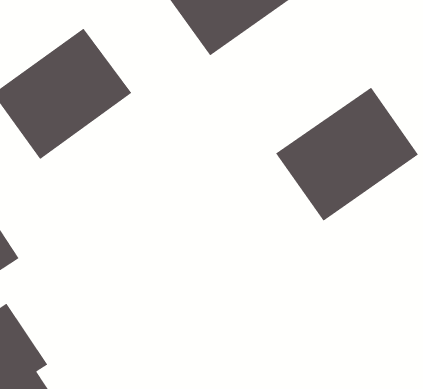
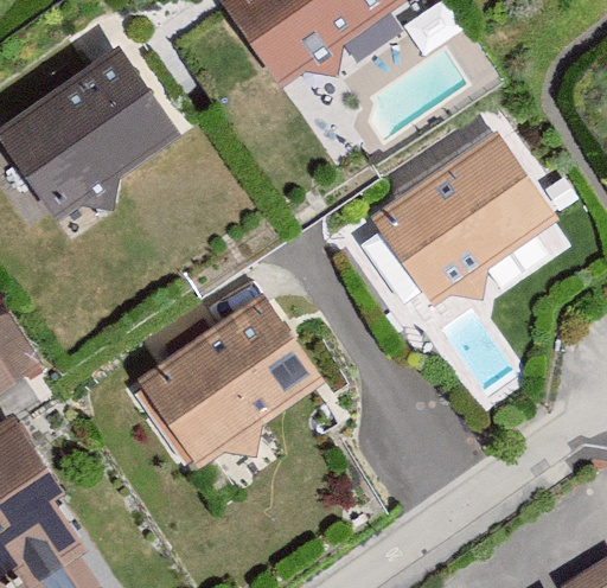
building: none -> [132,288,326,472]

